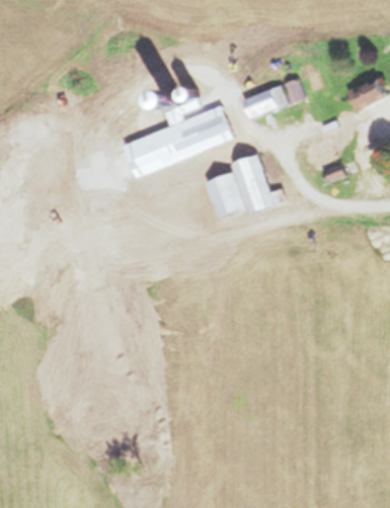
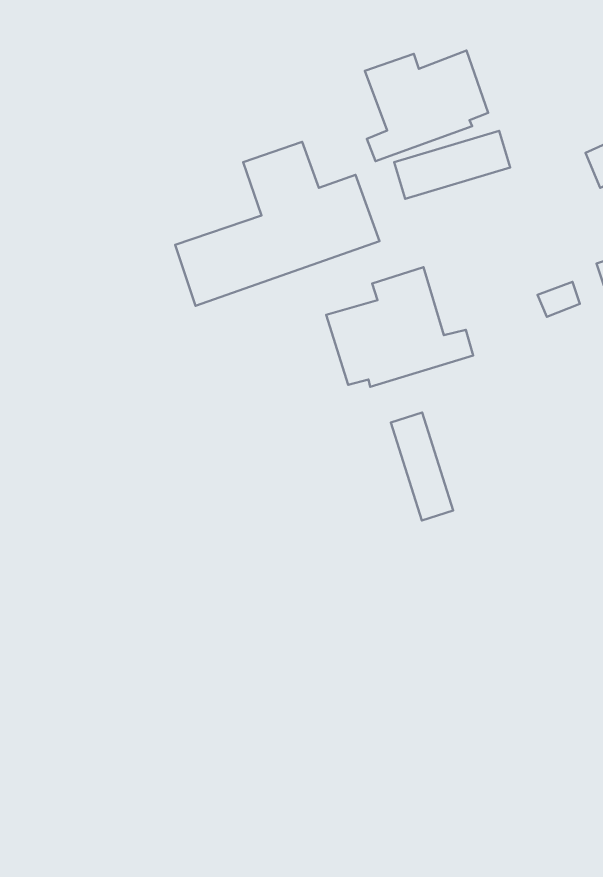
building: none -> [365,51,488,161]
building: none -> [391,412,453,520]

